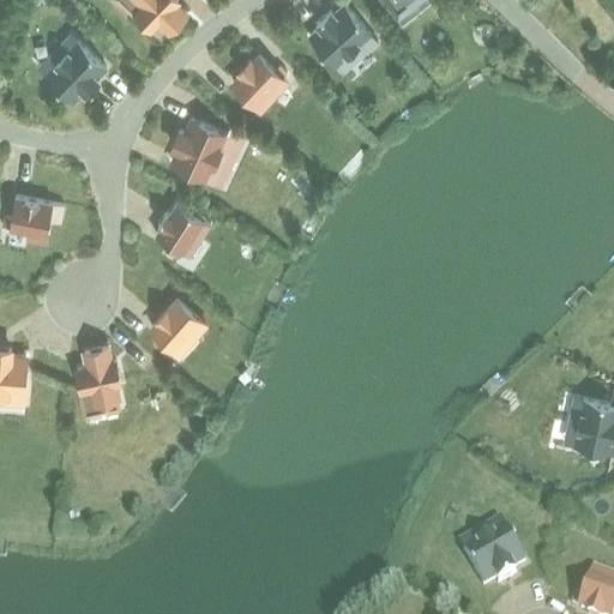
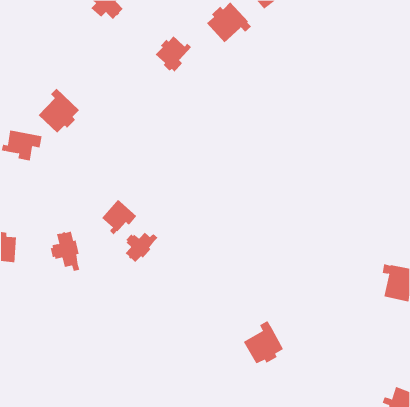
building: [43,36,106,104] -> [38,88,80,134]
building: [171,121,234,180] -> none
building: [155,204,210,260] -> none
building: none -> [125,232,159,263]
building: [463,523,524,589] -> [243,320,284,364]

